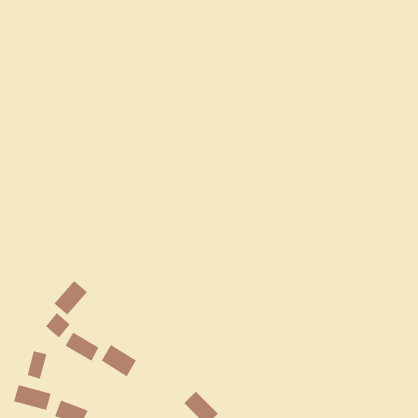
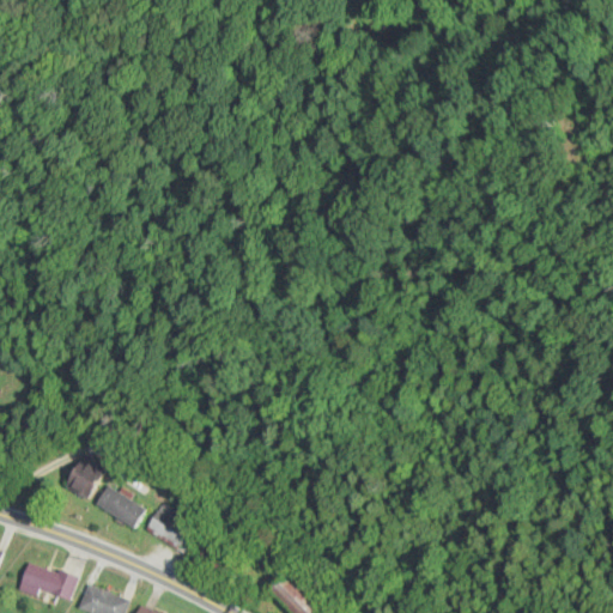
building: [53,280,88,315] -> none
building: [27,350,47,379] -> none

